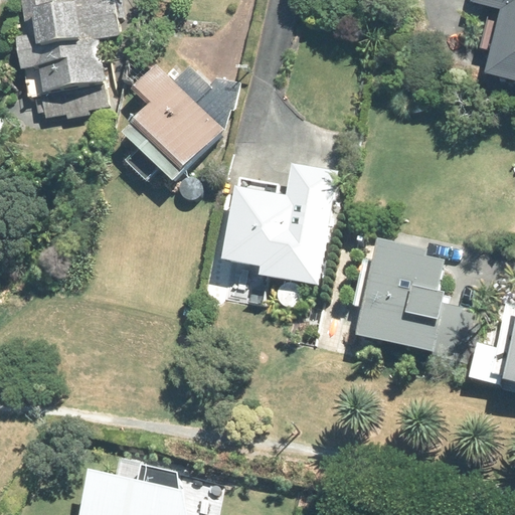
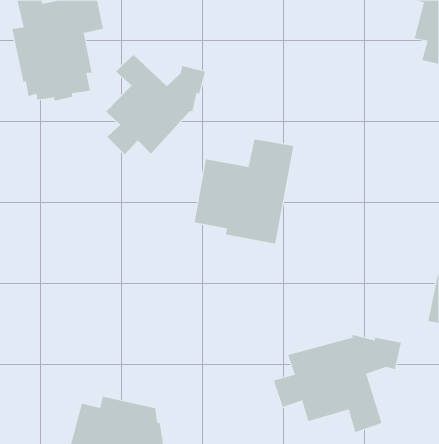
building: [352,235,480,367] -> none
building: none -> [273,334,402,433]

